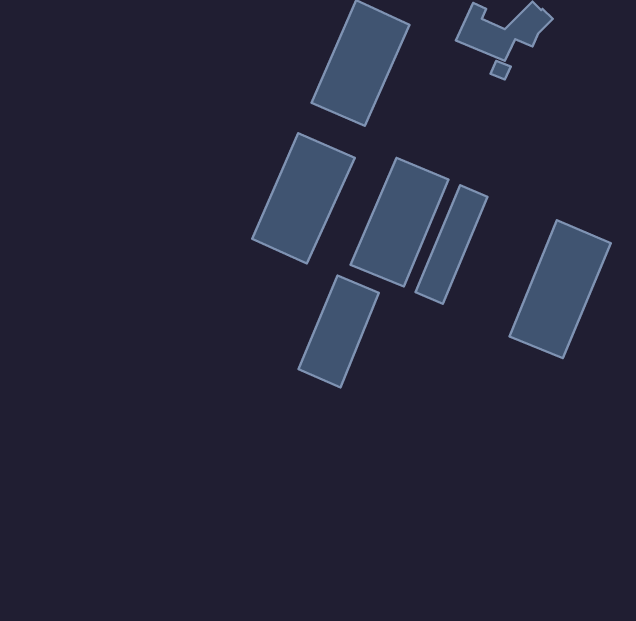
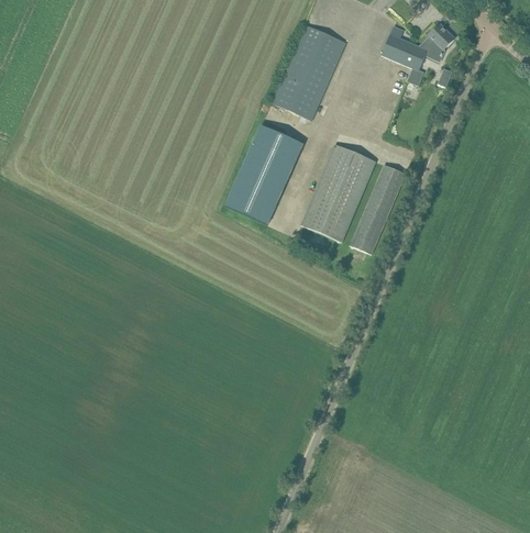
building: [510,220,611,358] -> none
building: [298,276,379,388] -> none

